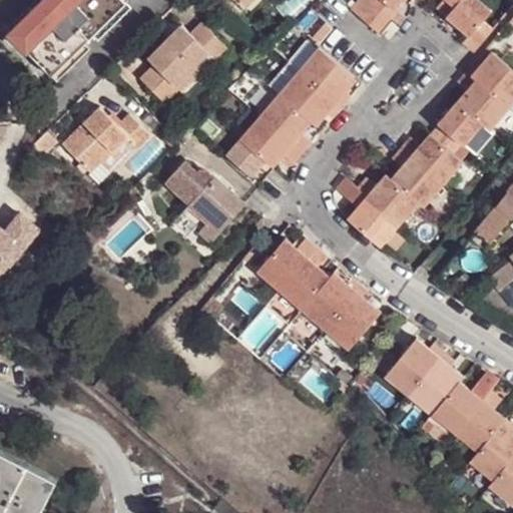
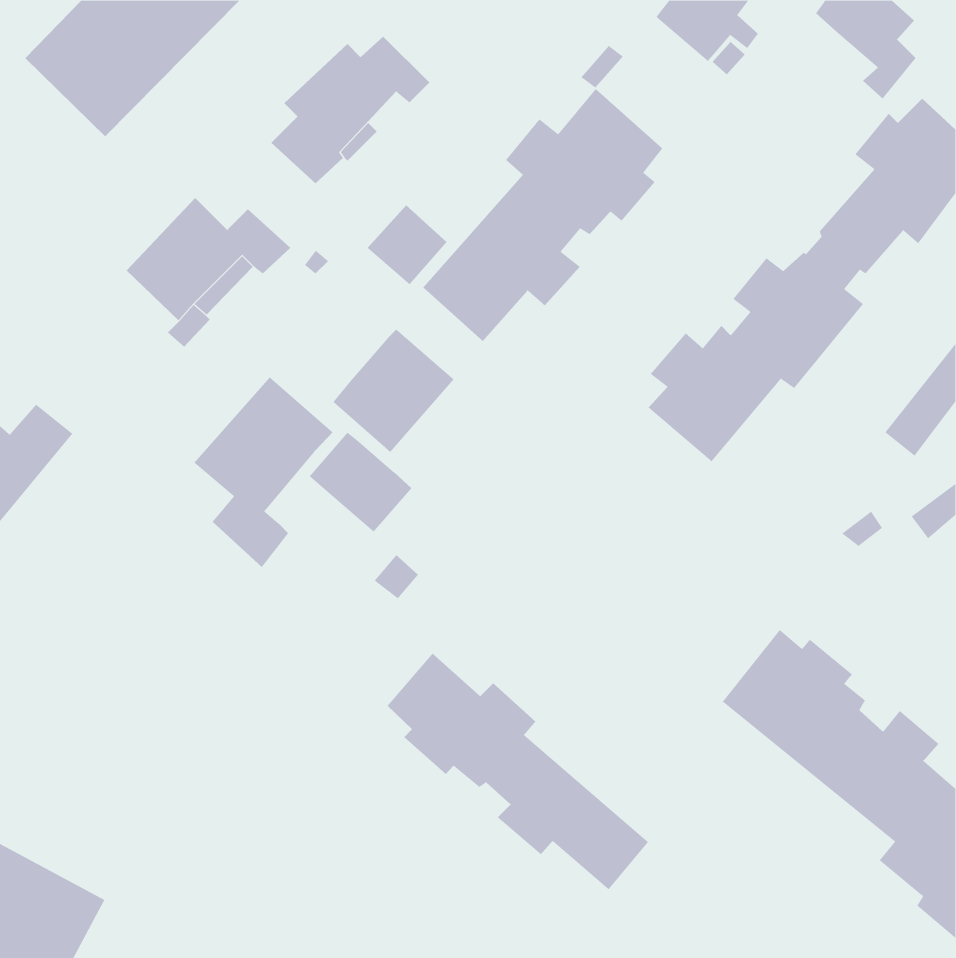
building: [163,161,206,204] -> [367,205,447,285]
building: none -> [193,377,333,568]
building: none -> [309,432,412,533]
building: [255,238,381,350] -> none
building: none -> [387,653,649,890]

